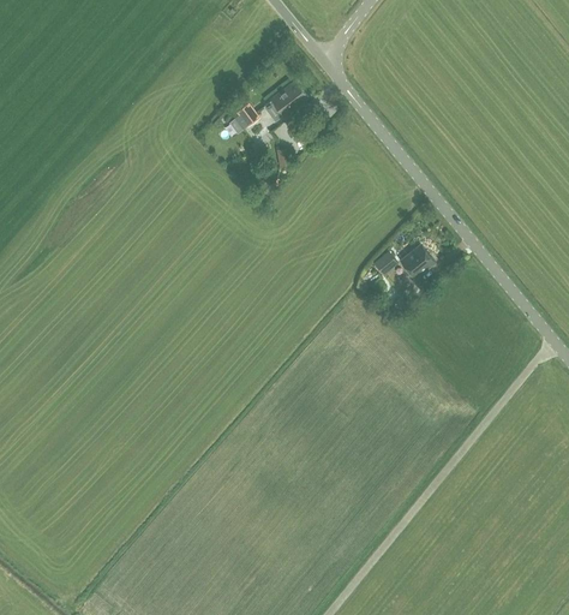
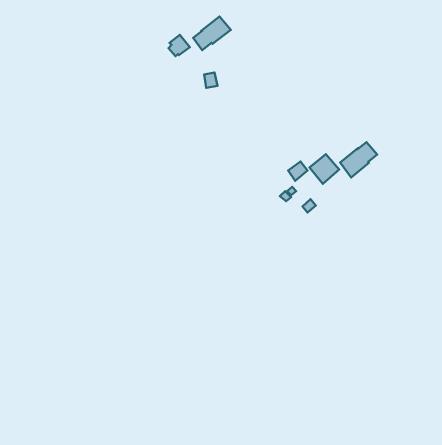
building: none -> [340,142,377,177]

